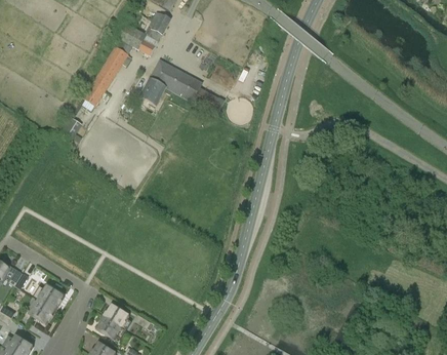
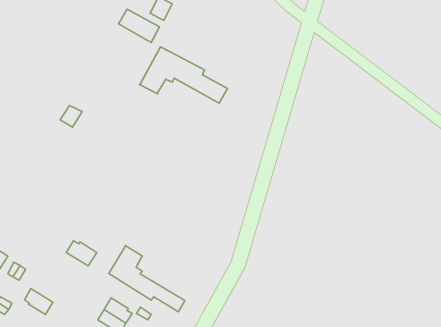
building: [82,45,129,106] -> none
building: none -> [109,245,185,312]
building: [33,285,63,310] -> [66,241,97,266]

